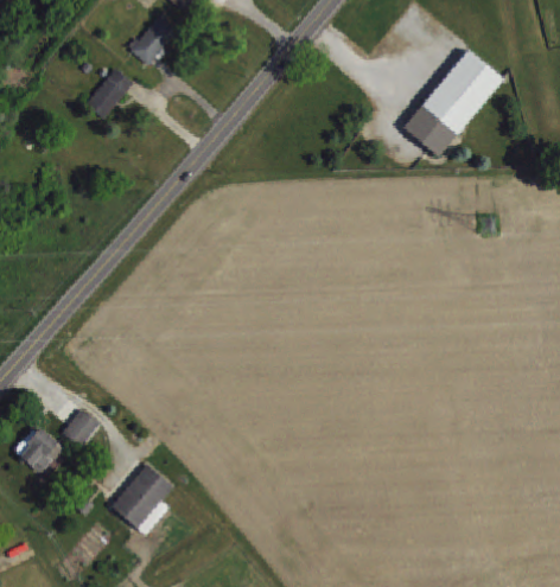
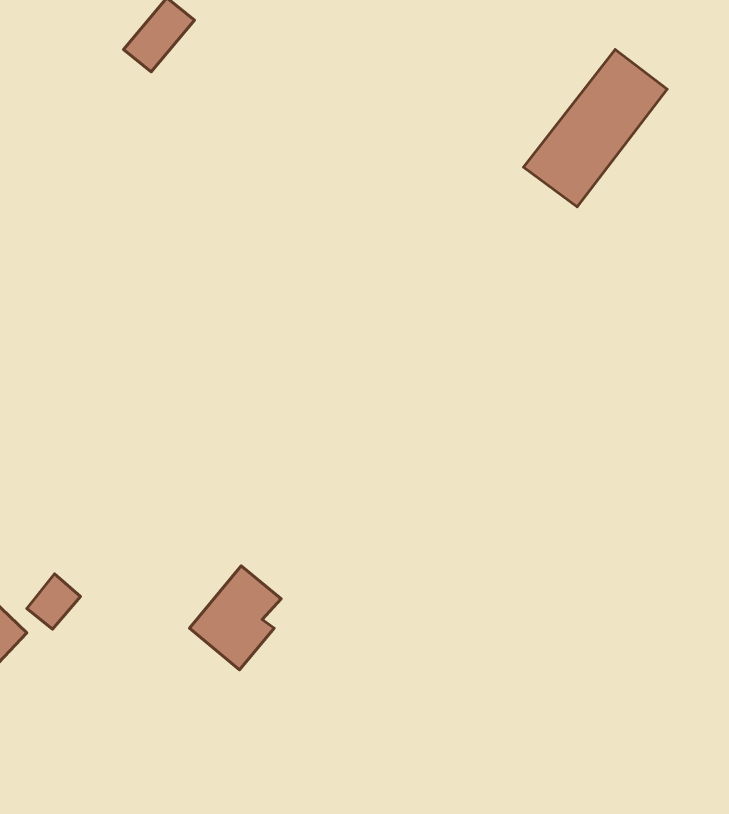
building: [84,68,133,119] -> none
building: [110,464,173,535] -> [189,566,281,670]

